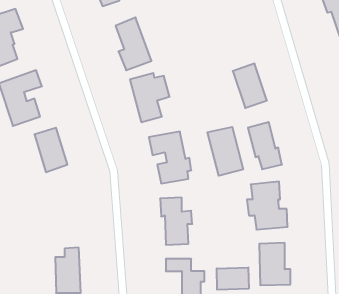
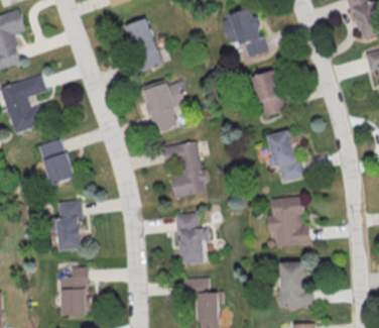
building: none -> [221,7,266,57]
building: [207,127,243,176] -> none
building: none -> [56,199,83,249]
building: [217,267,249,290] -> none

